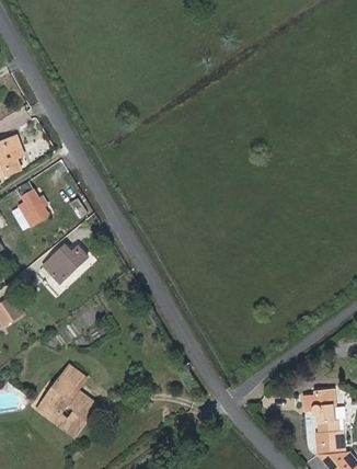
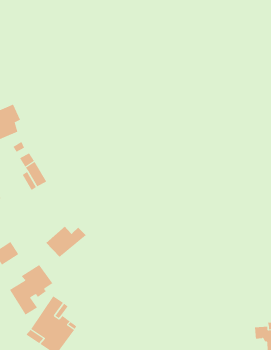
building: [44,245,92,283] -> [45,226,86,258]
building: none -> [9,264,53,315]

